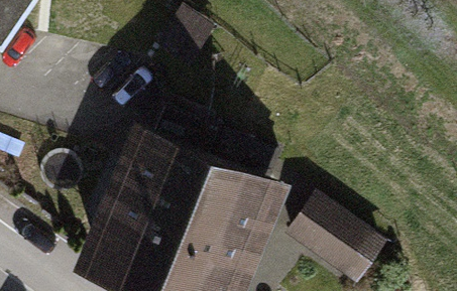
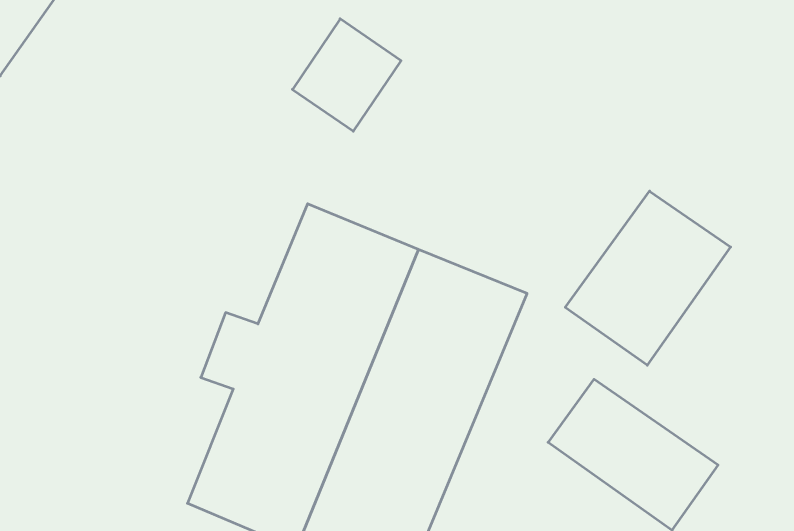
building: none -> [565,191,731,365]

